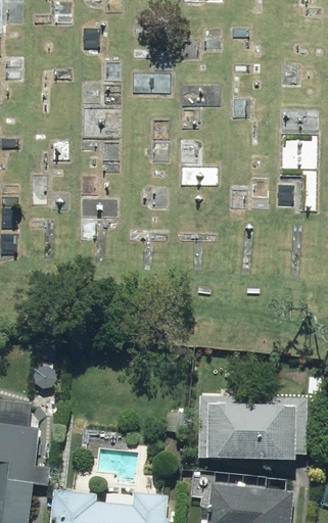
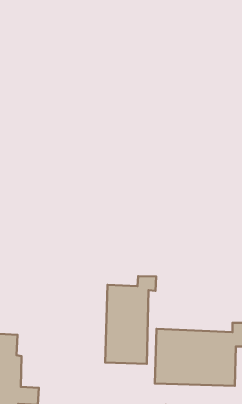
building: none -> [105,276,156,364]

